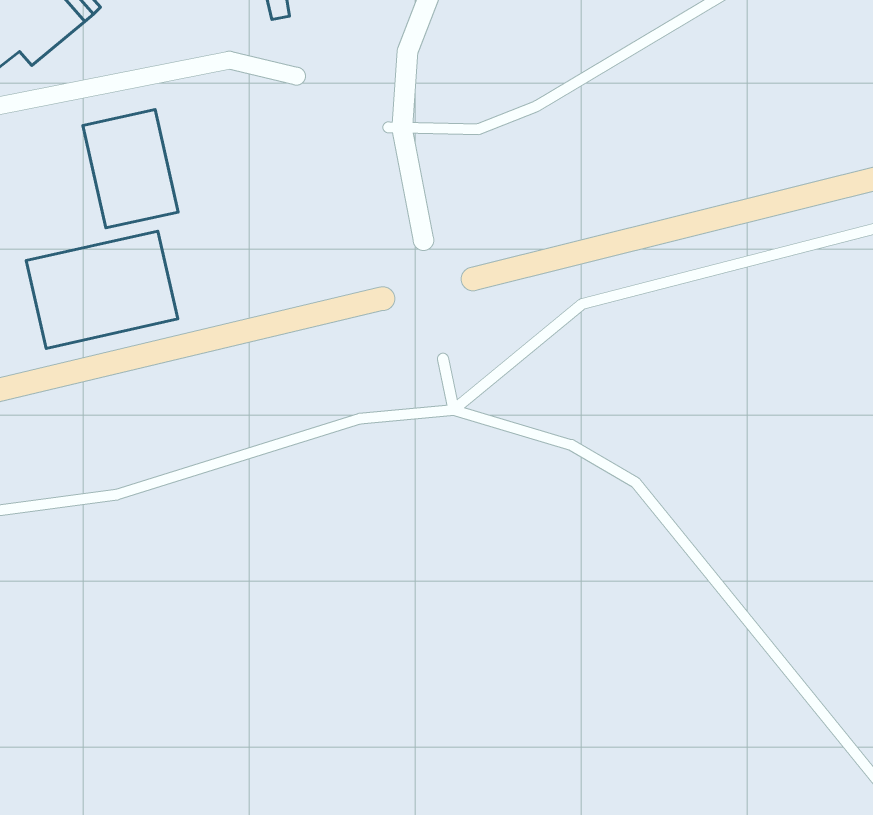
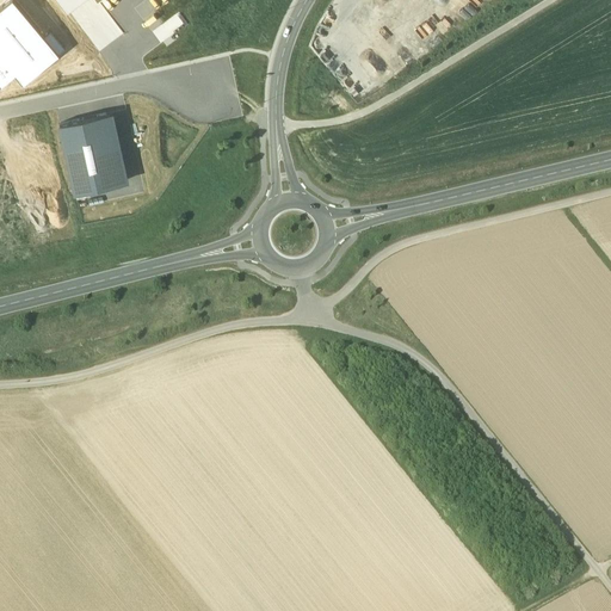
building: [26,231,178,349] -> none

